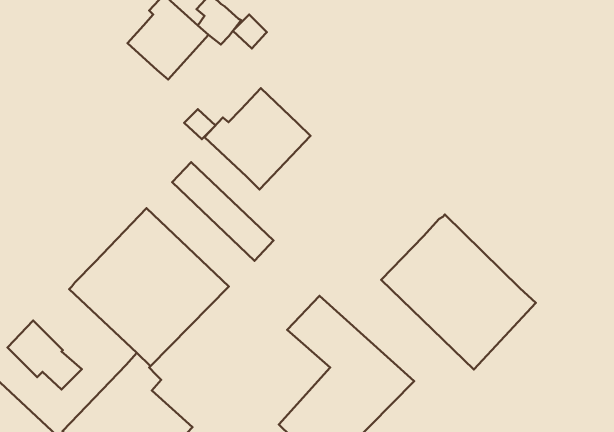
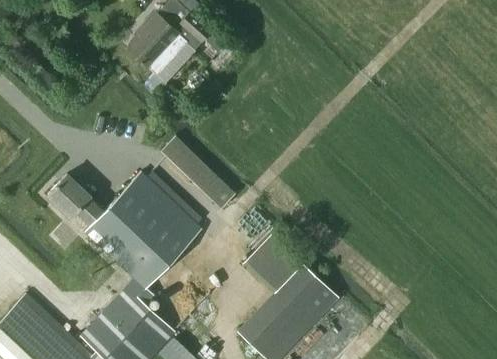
building: [204,88,310,189] -> none
building: [381,215,536,370] -> none
building: [7,320,82,389] -> [49,175,104,226]

